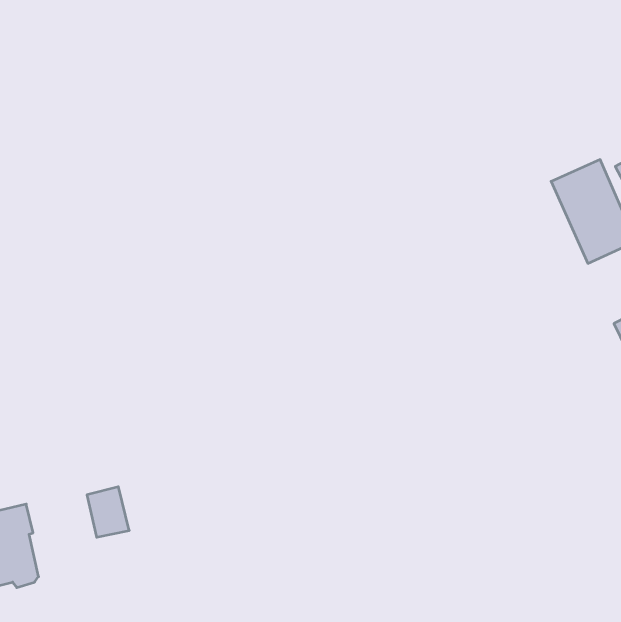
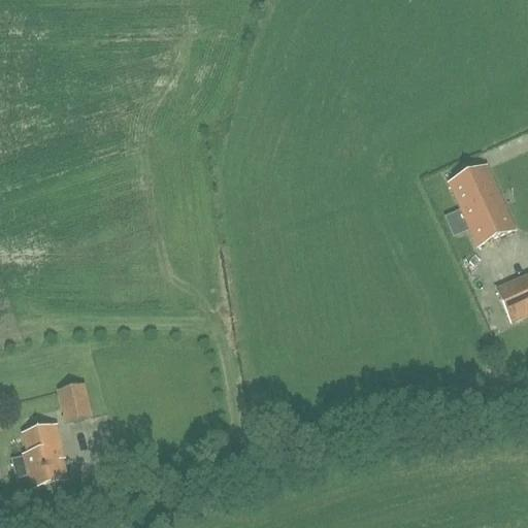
building: [87,487,129,537] -> [59,383,91,421]

